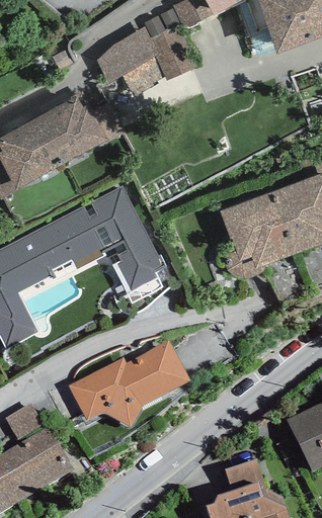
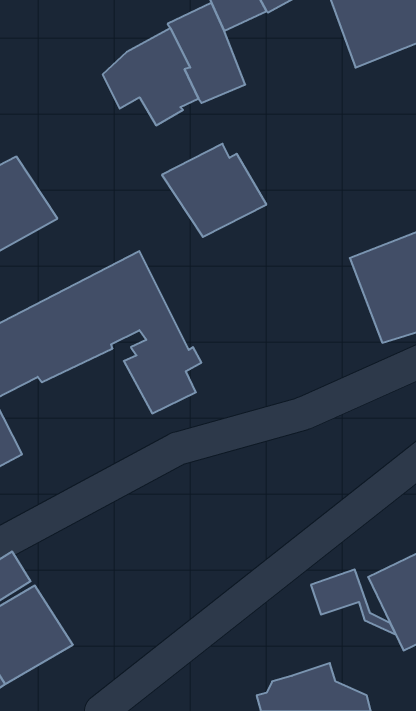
building: [33,96,108,163] -> [162,144,266,237]
building: [219,191,296,277] -> none
building: [68,340,189,426] -> none
building: [224,458,285,505] -> [311,569,396,634]

